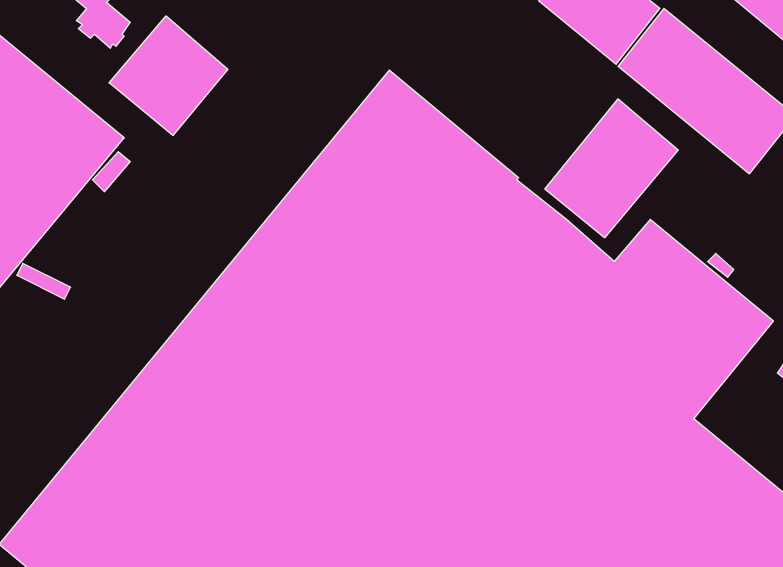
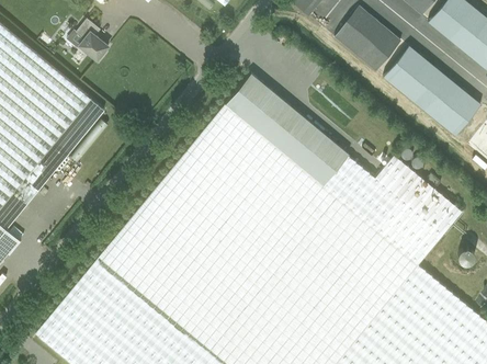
building: [109,16,228,135] -> none
building: [545,99,678,238] -> none

